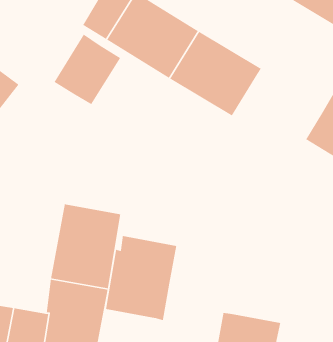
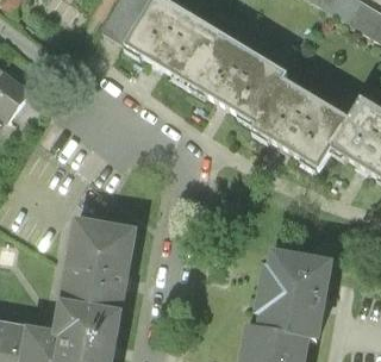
building: [54,34,121,105] -> none
building: none -> [254,81,349,170]
building: [105,235,177,321] -> [255,252,330,342]

